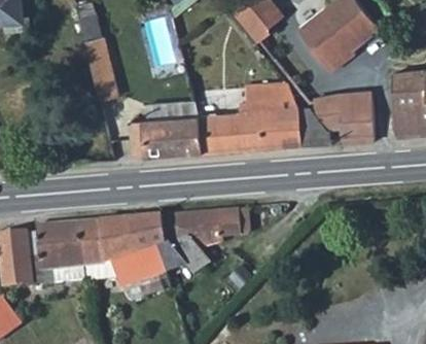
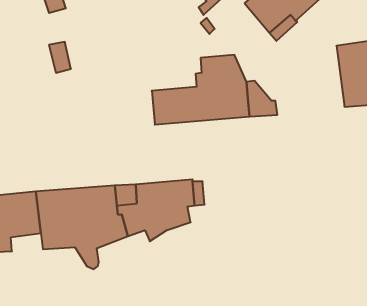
building: [301,89,378,143] -> none
building: [126,118,200,158] -> none

